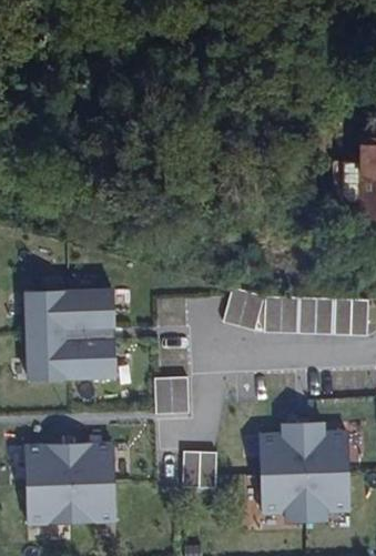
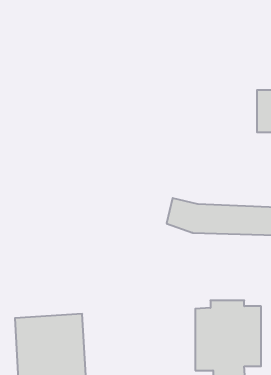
building: [20,287,114,382] -> none
building: [155,377,189,412] -> none
building: [182,451,216,487] -> none

